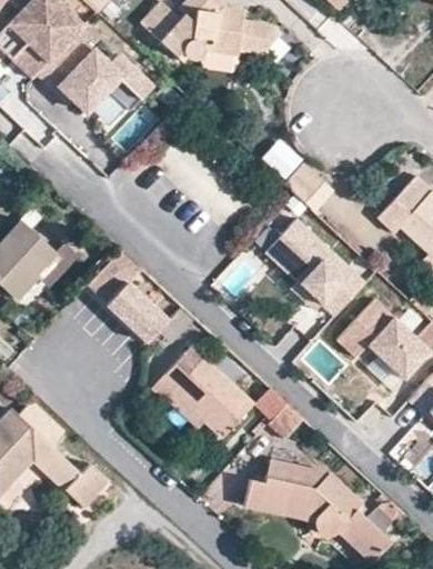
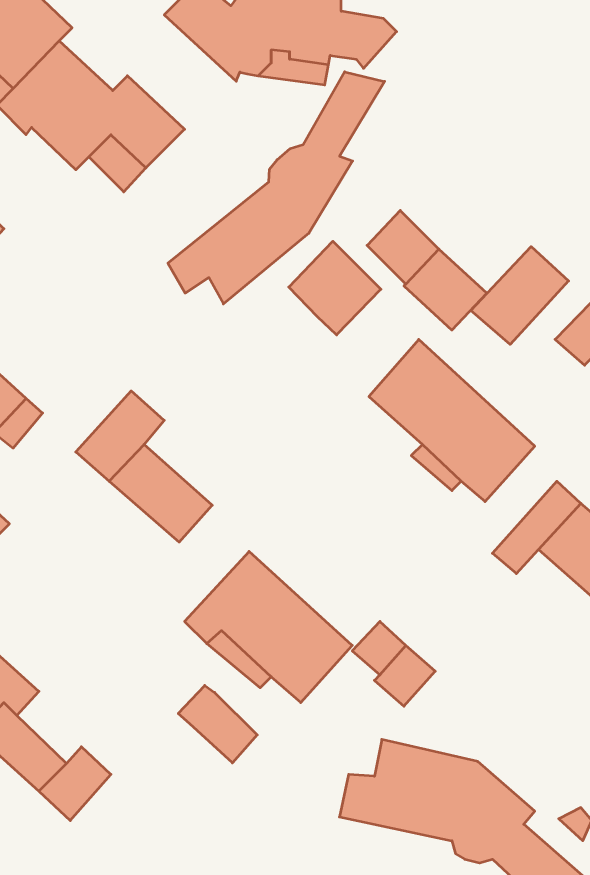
building: none -> [168,72,385,304]
building: none -> [289,241,381,335]
building: none -> [471,247,569,344]
building: none -> [178,685,257,763]

